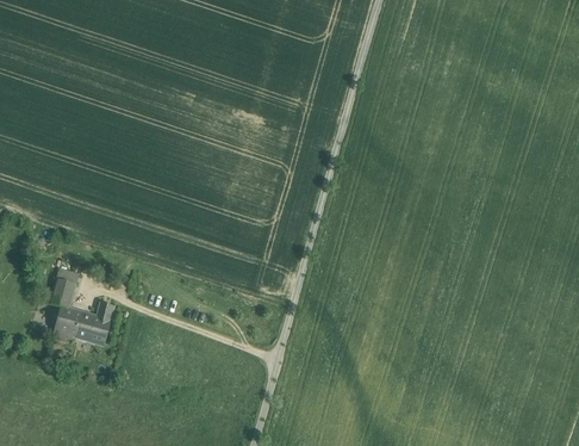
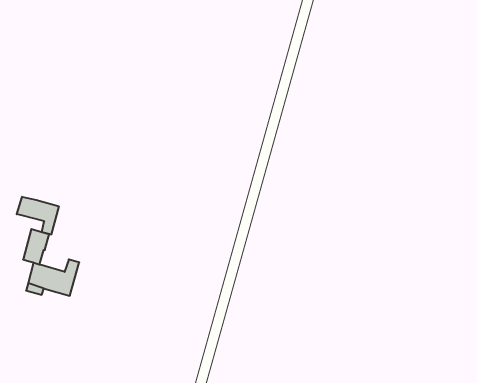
building: none -> [17,197,59,235]

